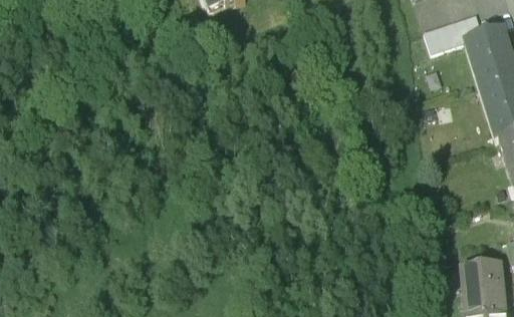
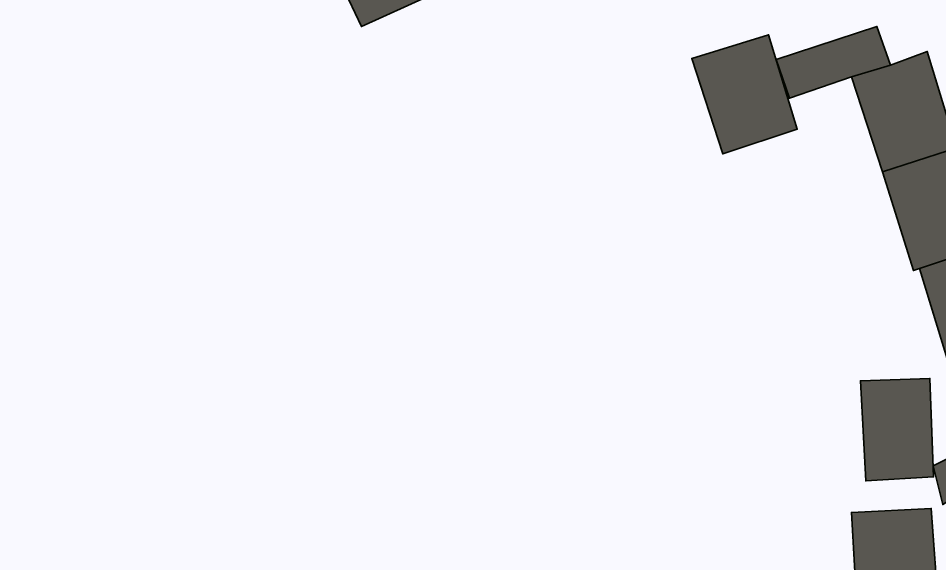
building: none -> [692,35,797,154]
building: none -> [860,378,933,481]

